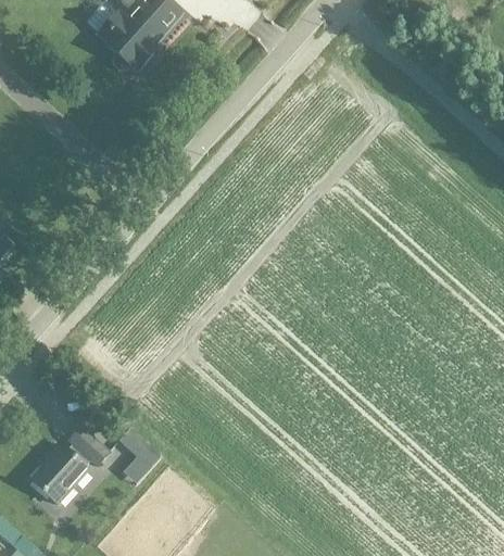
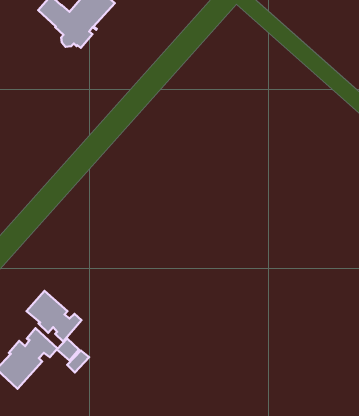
building: none -> [27,291,82,342]

